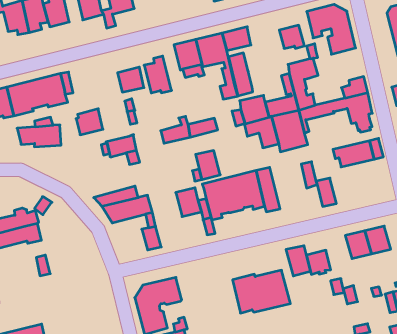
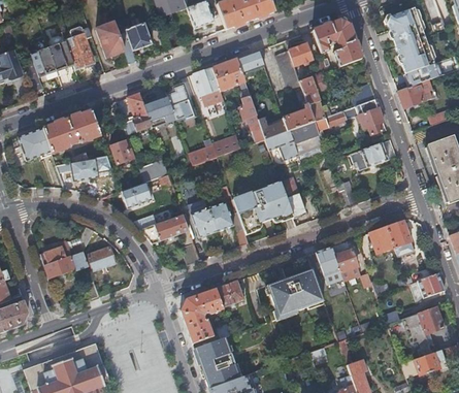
building: [228,53,253,96] -> [274,50,300,90]
building: none -> [125,93,150,133]
building: [196,151,220,180] -> [191,209,216,237]
building: none -> [121,183,151,208]
building: none -> [87,245,116,271]
building: none -> [216,281,243,307]

